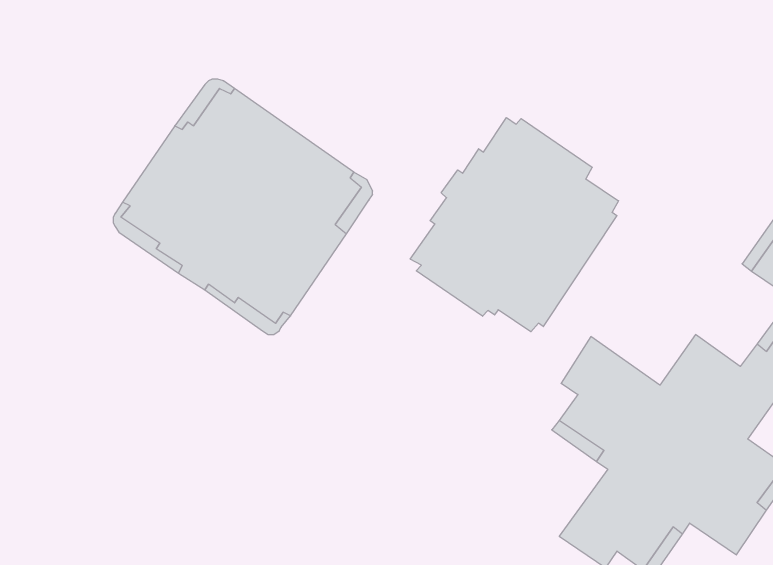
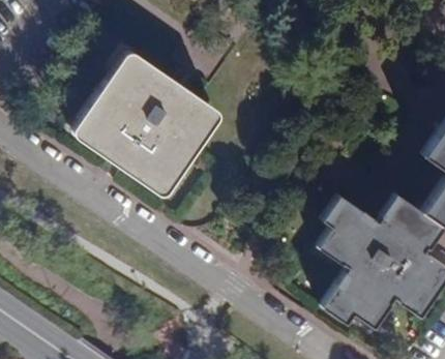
building: [410,118,619,332] -> none

